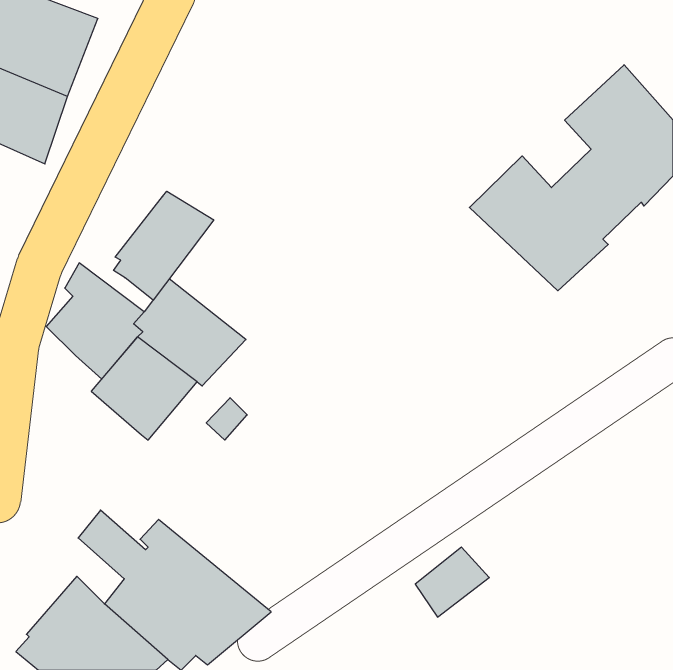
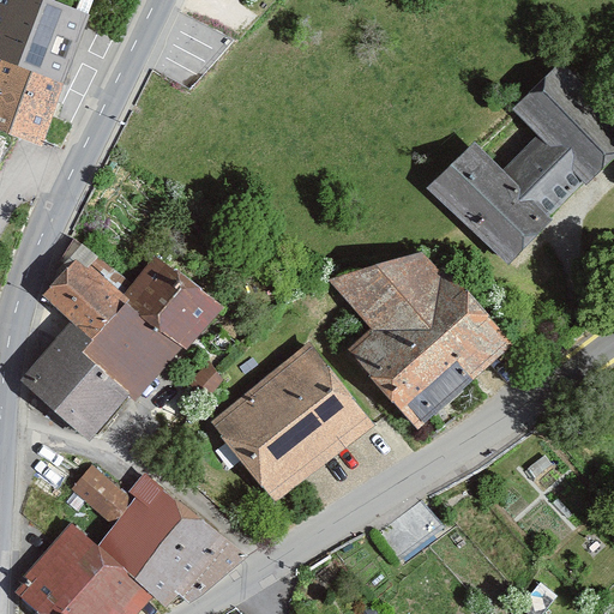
building: [114,191,214,300] -> none
building: none -> [327,252,512,432]
building: none -> [19,323,128,444]
building: none -> [210,341,373,502]

